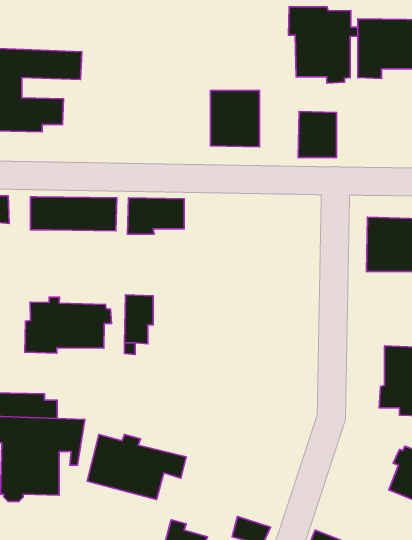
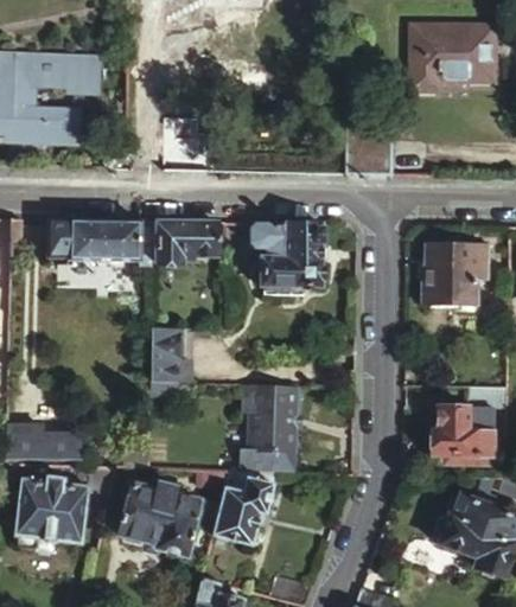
building: [289,7,358,83] -> none
building: [210,90,259,147] -> [268,223,323,286]
building: [25,297,112,353] -> none
building: none -> [243,383,301,449]
building: none -> [212,471,276,548]

